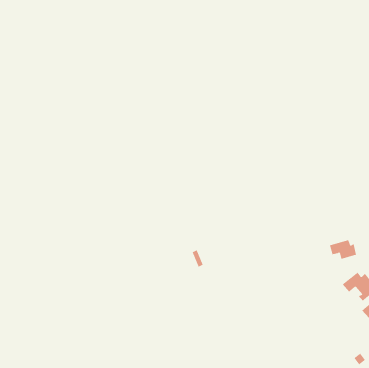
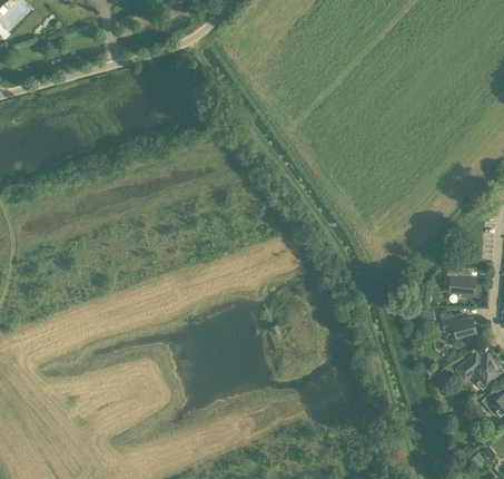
building: none -> [445,268,474,296]

